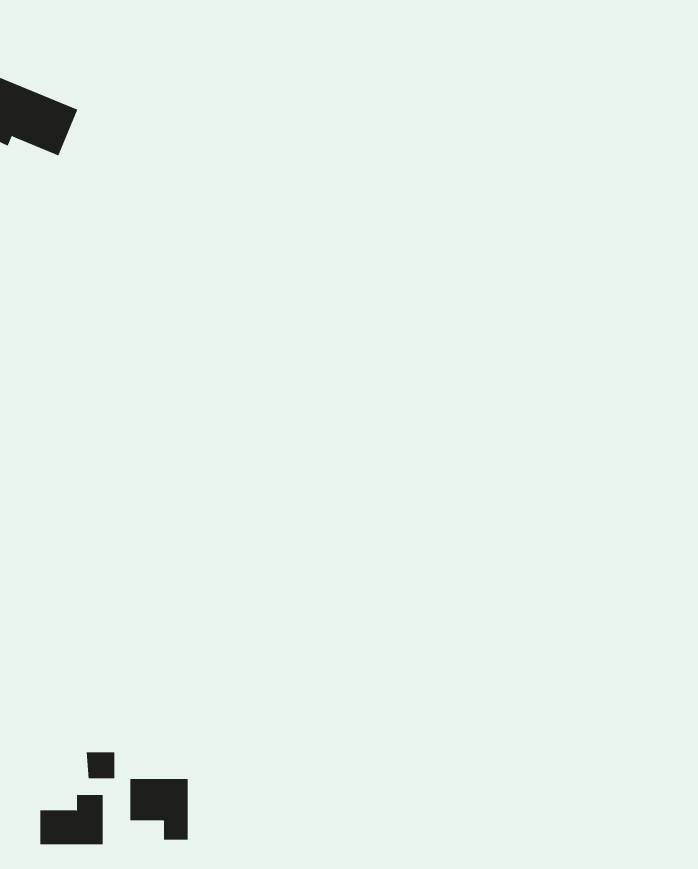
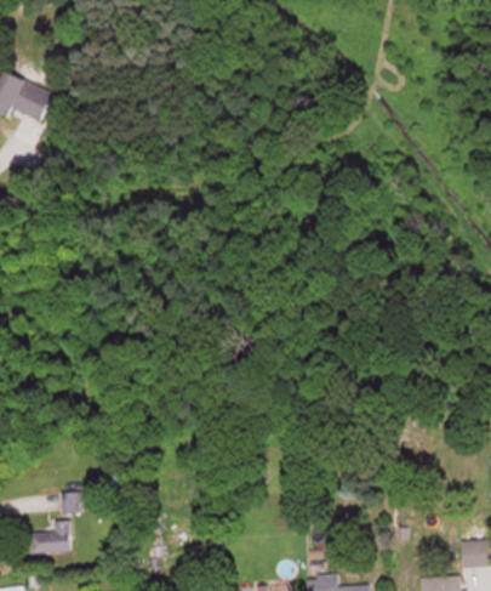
building: [130,778,188,840] -> none

